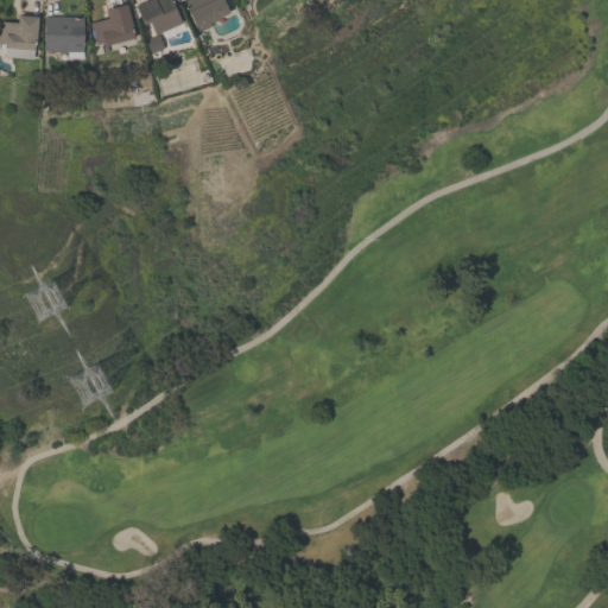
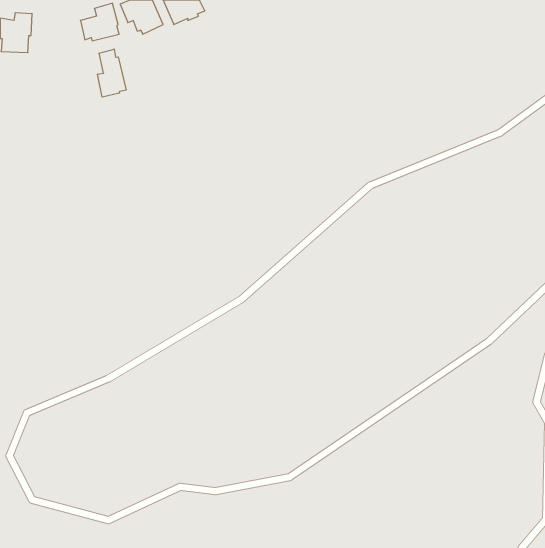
building: [45,15,84,52] -> none
building: none -> [98,49,126,97]

